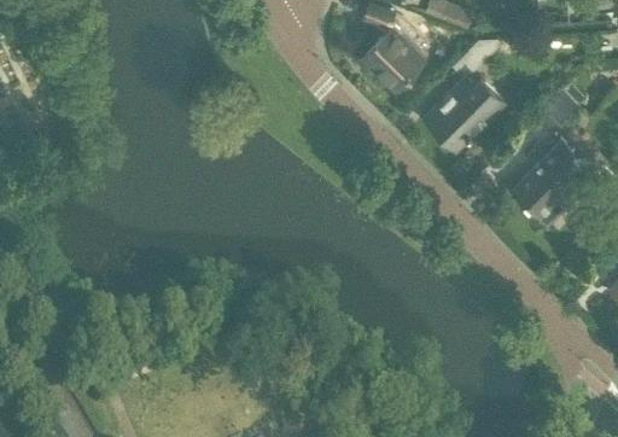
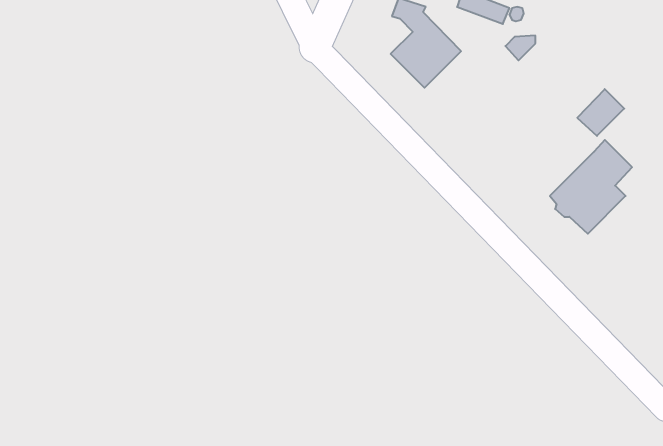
building: [426,77,503,150] -> none

